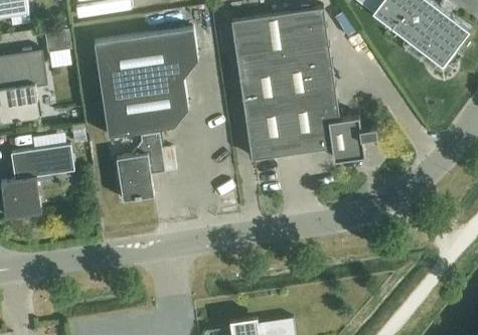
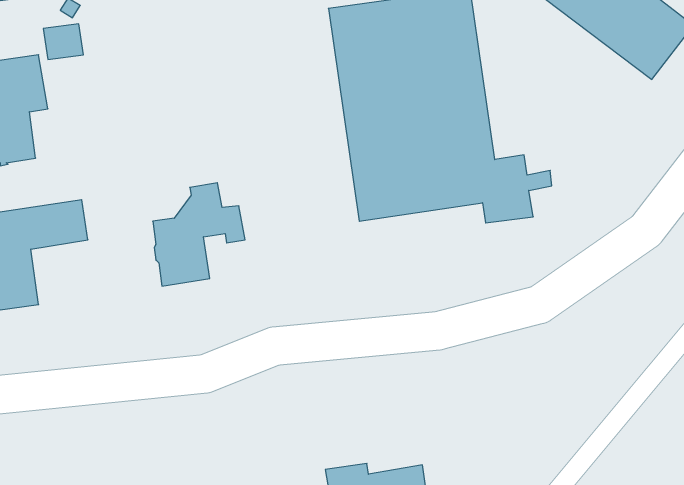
building: [94,28,197,137] -> none

